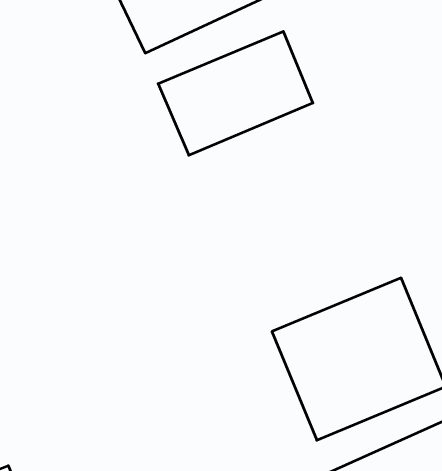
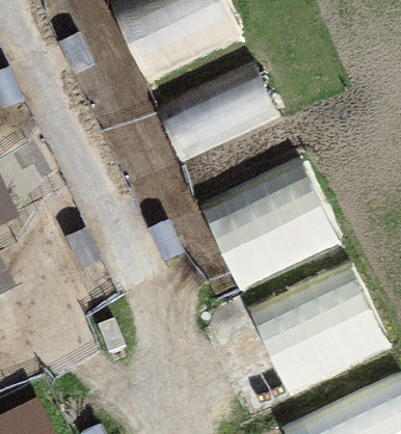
building: none -> [199,156,342,289]

